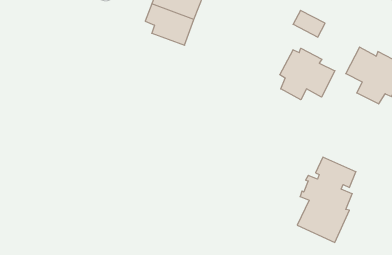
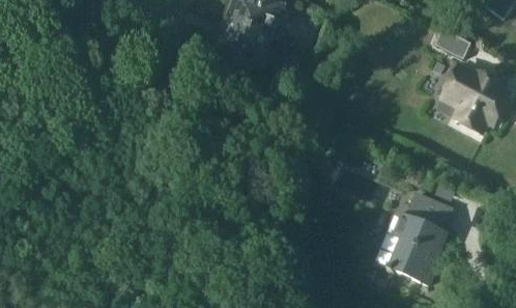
building: [293,10,325,37] -> [434,26,470,56]
building: [280,48,335,100] -> none

